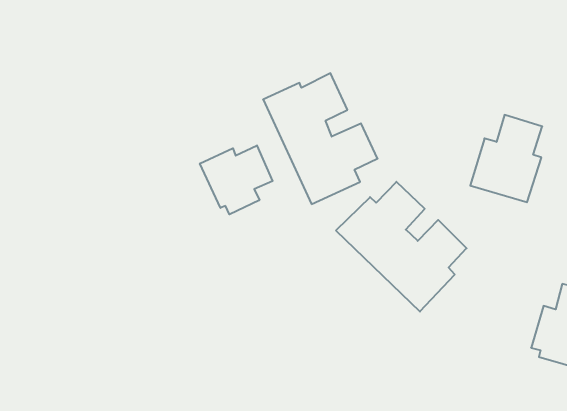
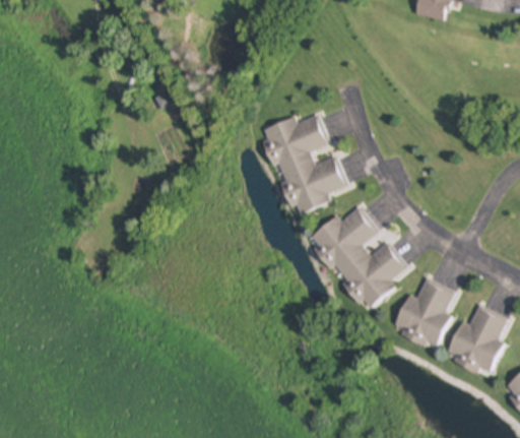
building: [470,115,542,202] -> [392,277,455,349]
building: [200,145,273,214] -> none

